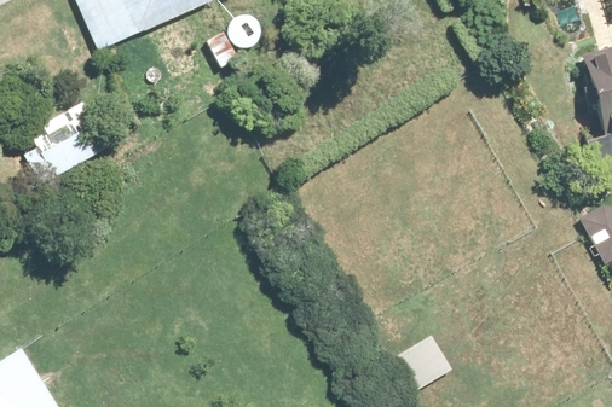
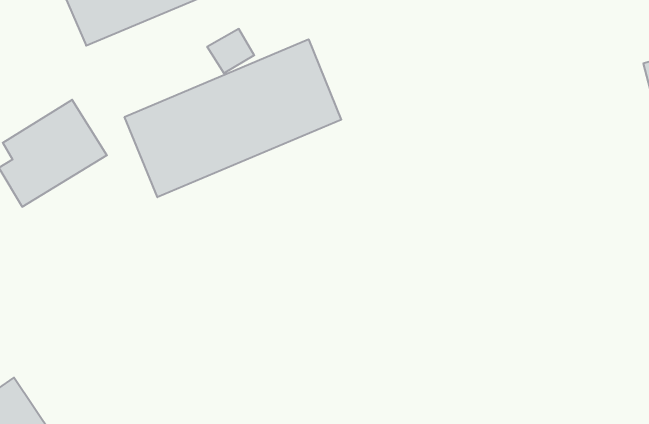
building: none -> [125,39,341,197]

